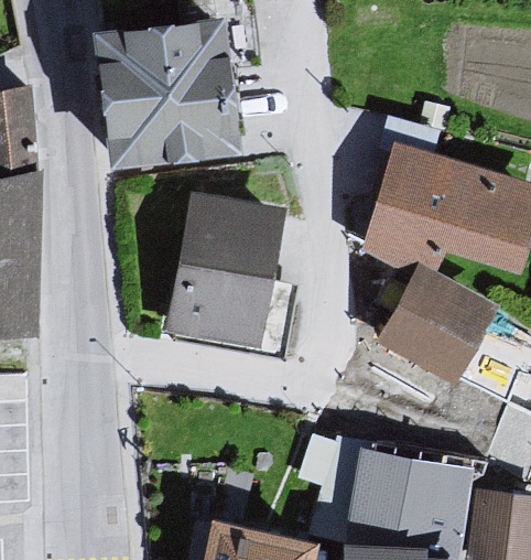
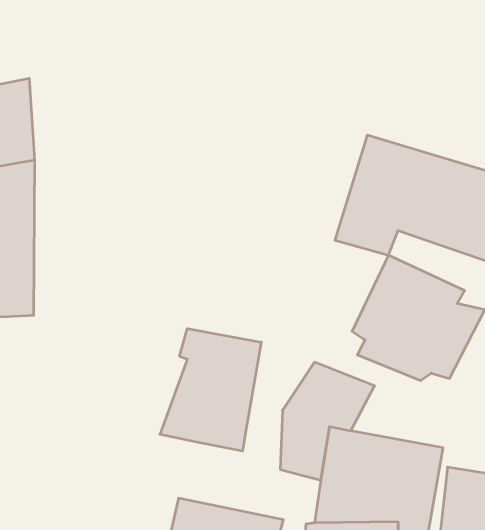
building: [107,17,252,169] -> none
building: [159,196,278,352] -> none
building: none -> [160,329,261,451]

